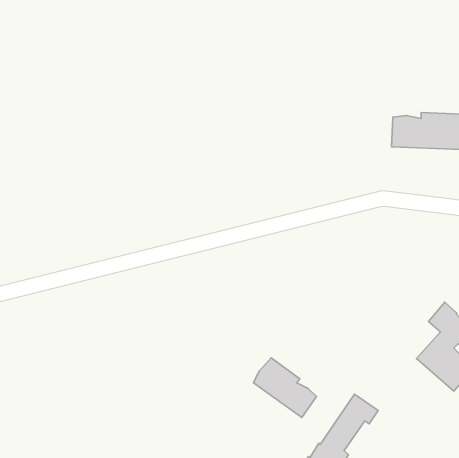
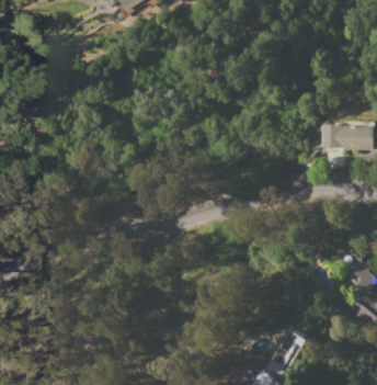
building: [253,358,316,417] -> none

